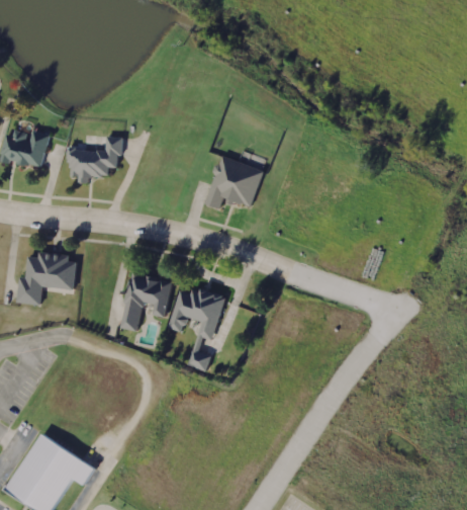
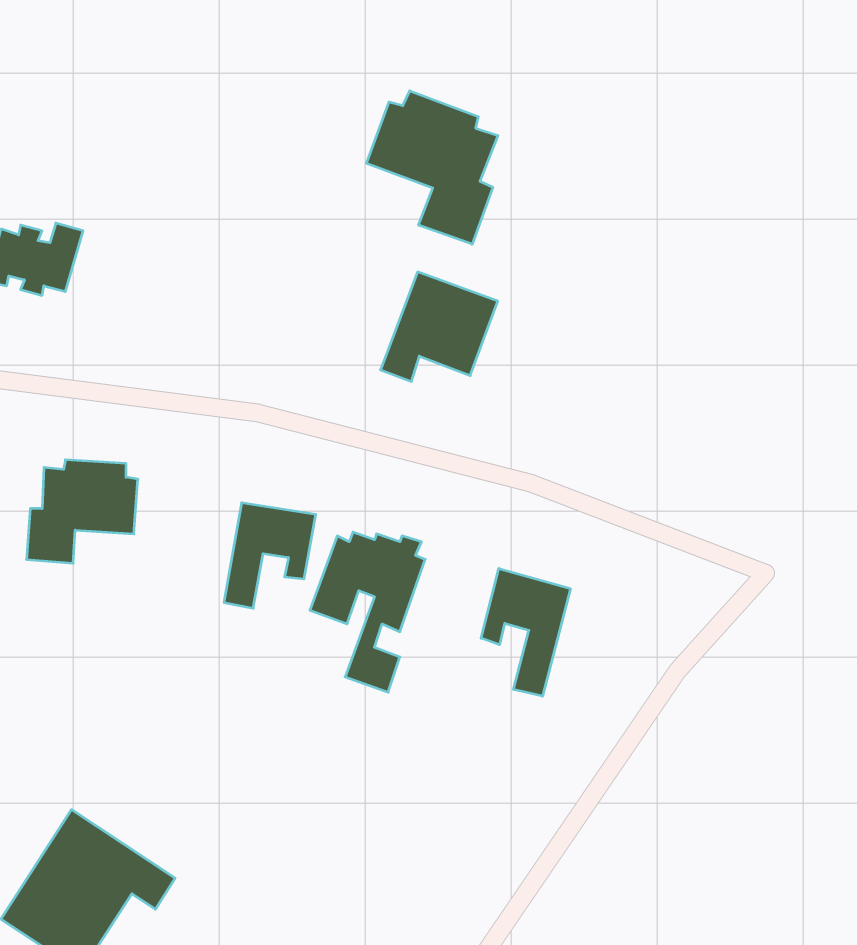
building: none -> [366,91,498,244]
building: [67,136,122,182] -> none
building: none -> [481,568,570,696]

